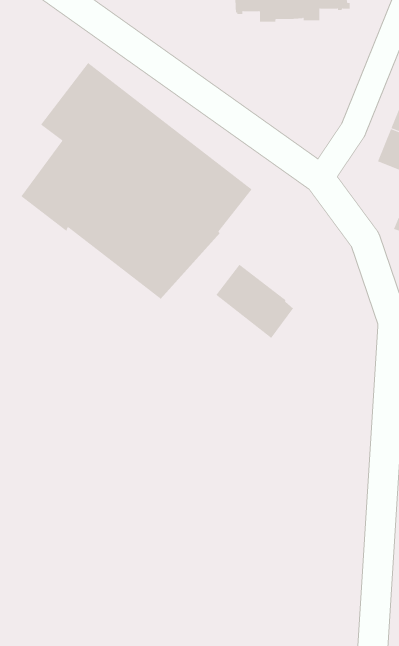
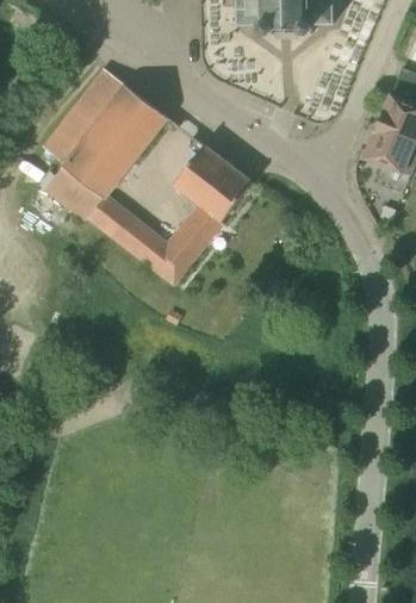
building: [216,264,294,339] -> none

